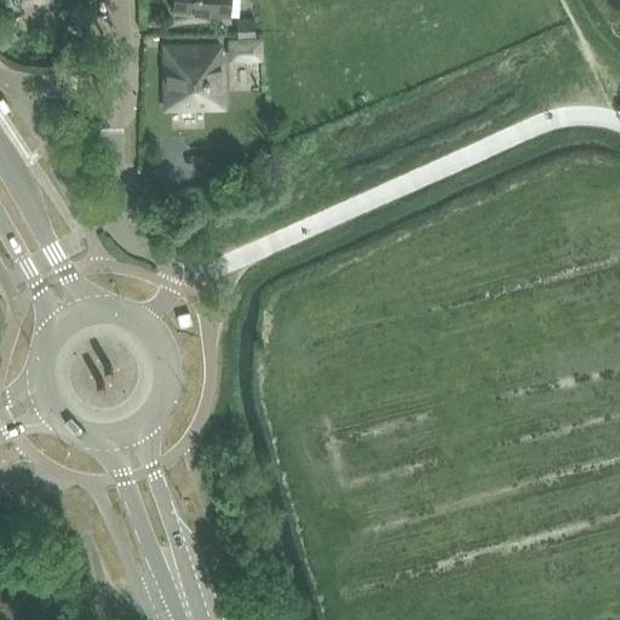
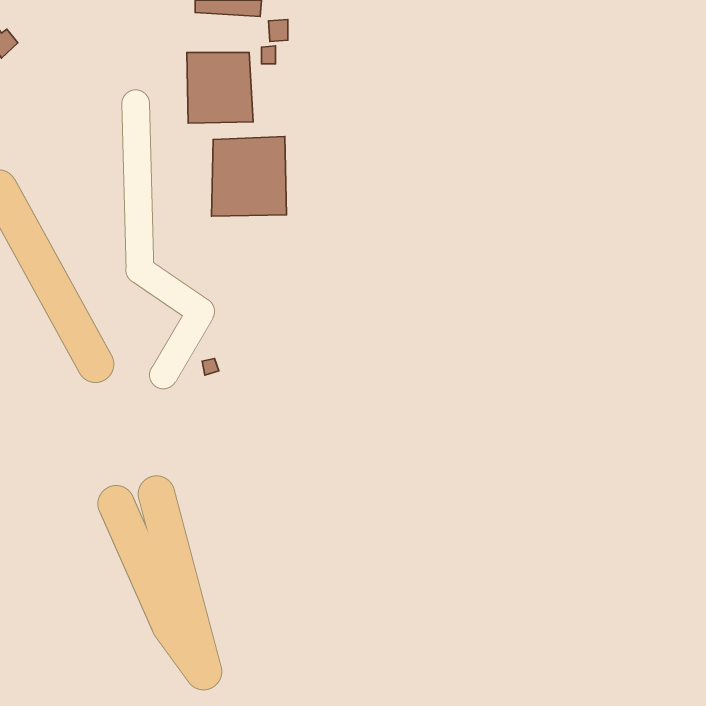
building: none -> [212,137,287,216]

